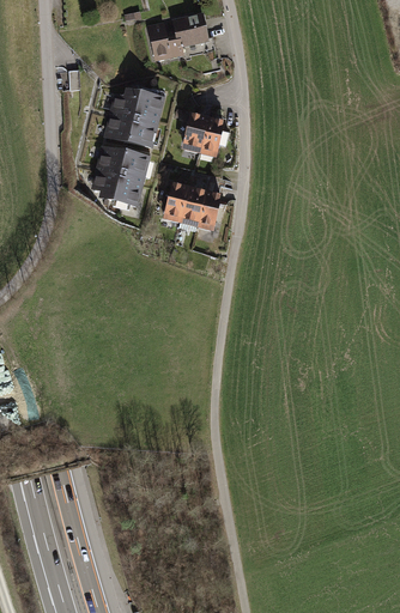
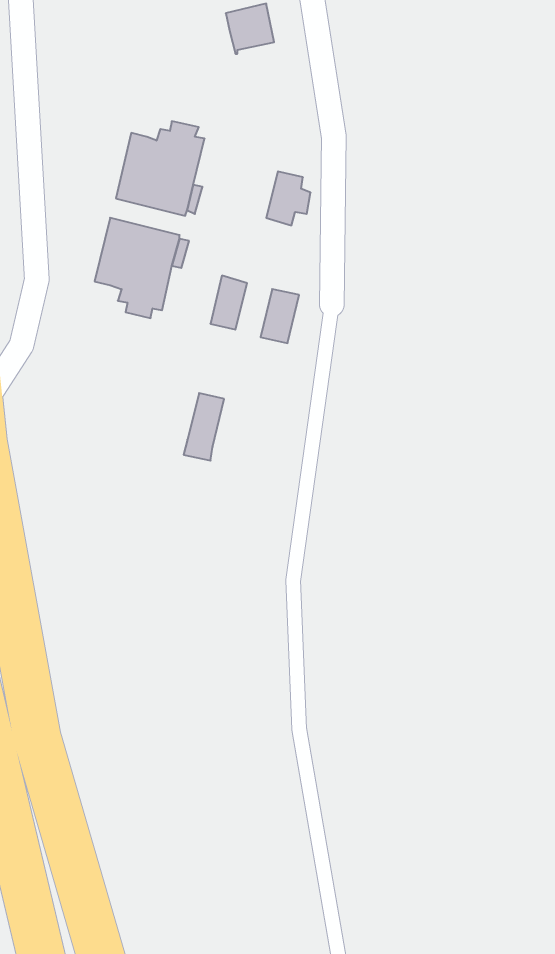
building: [147,23,182,56] -> none
building: [183,114,207,147] -> none
building: [178,188,204,230] -> [184,393,224,461]

